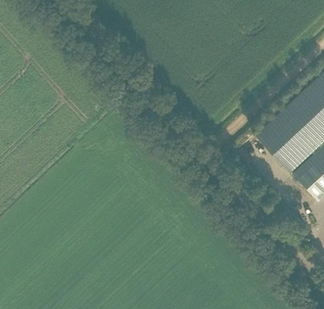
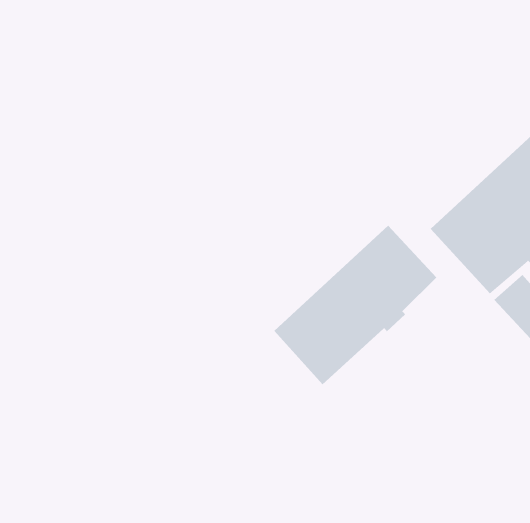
building: none -> [274,225,437,385]

